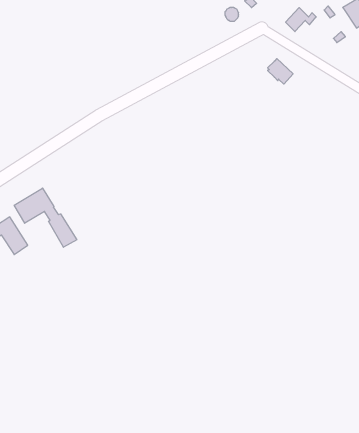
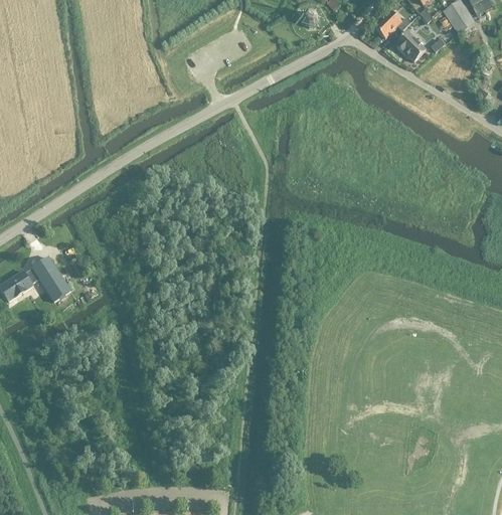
building: [268,59,293,84] -> [395,31,426,61]
building: [14,188,77,247] -> none

